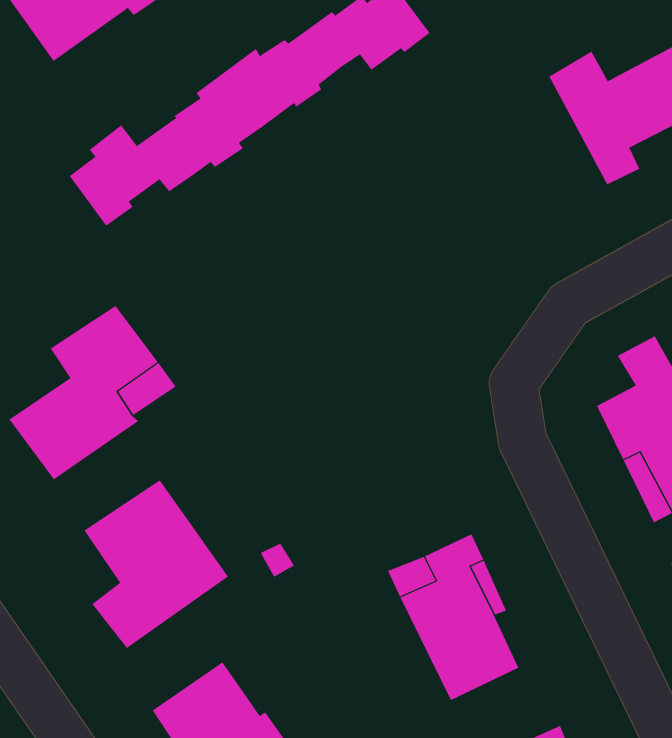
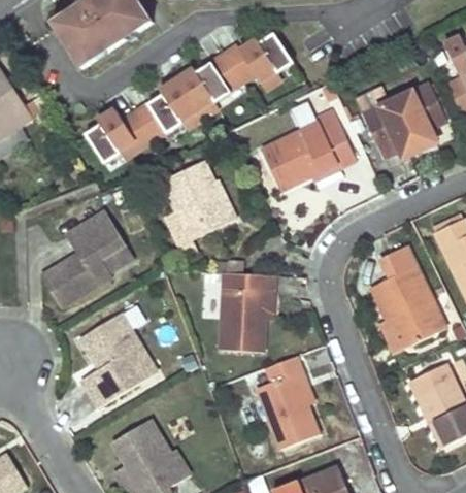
building: none -> [256,118,353,193]
building: none -> [162,159,237,247]
building: none -> [215,275,273,353]

